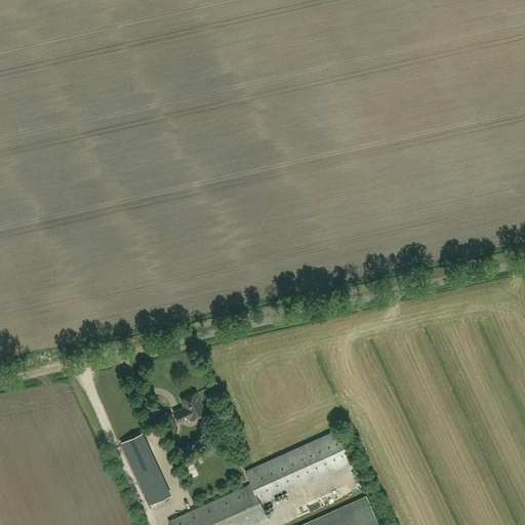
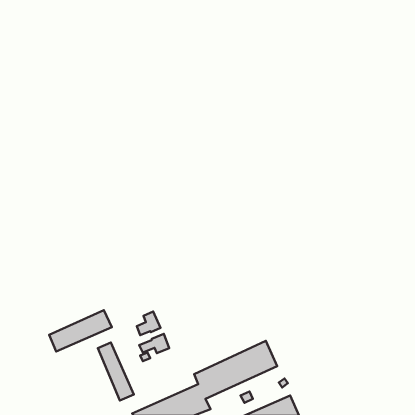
building: none -> [49,310,112,351]
building: none -> [139,334,169,353]

